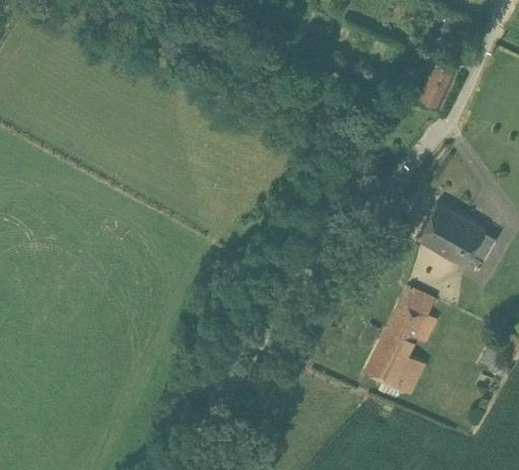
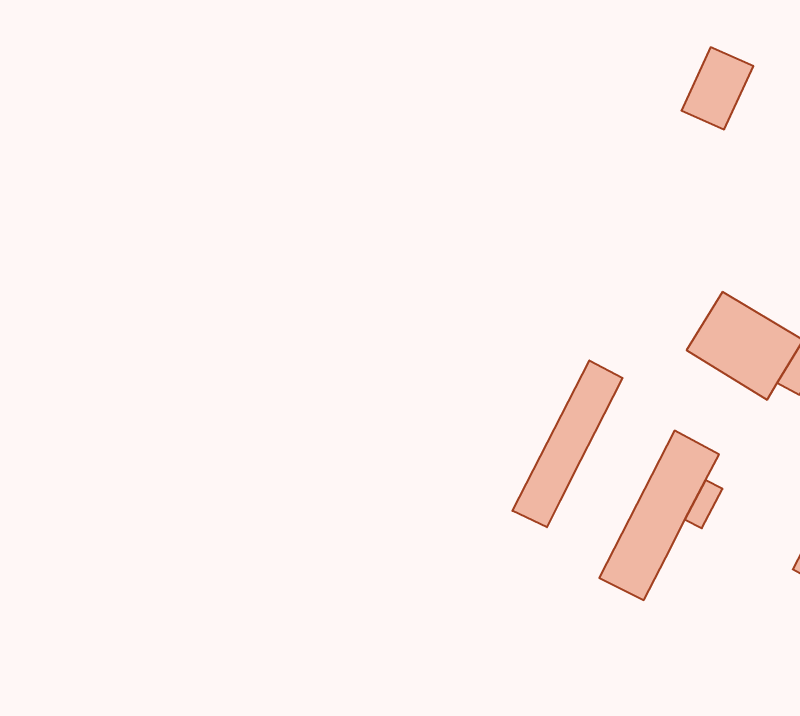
building: none -> [512,360,623,527]
building: [390,355,425,395] -> none

